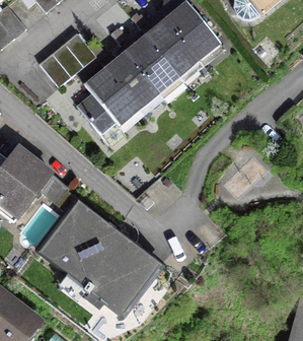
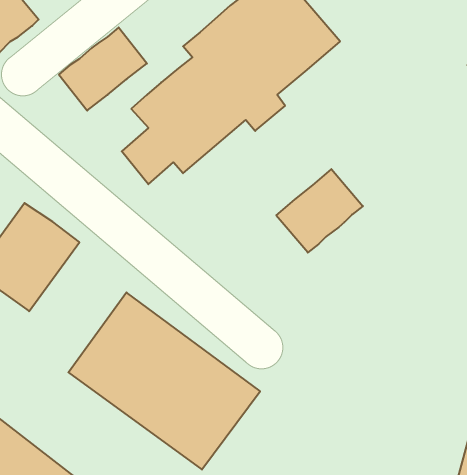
building: none -> [276,169,363,253]

